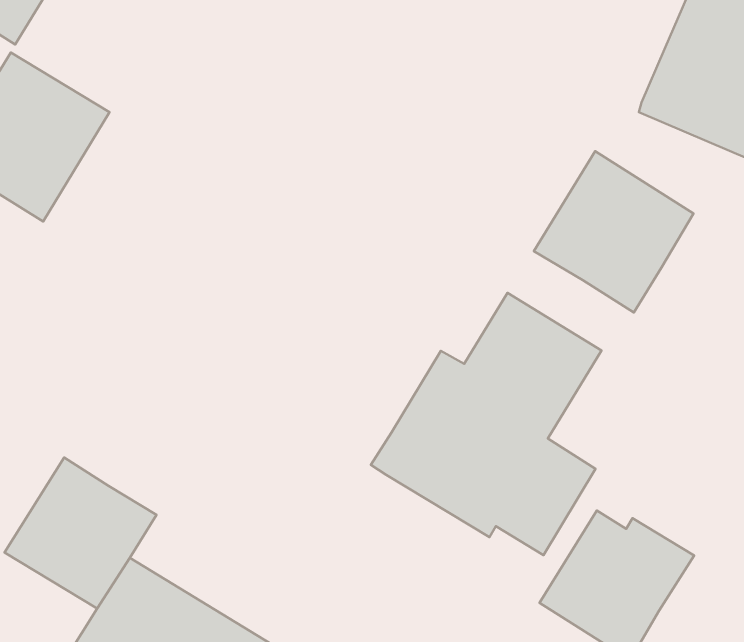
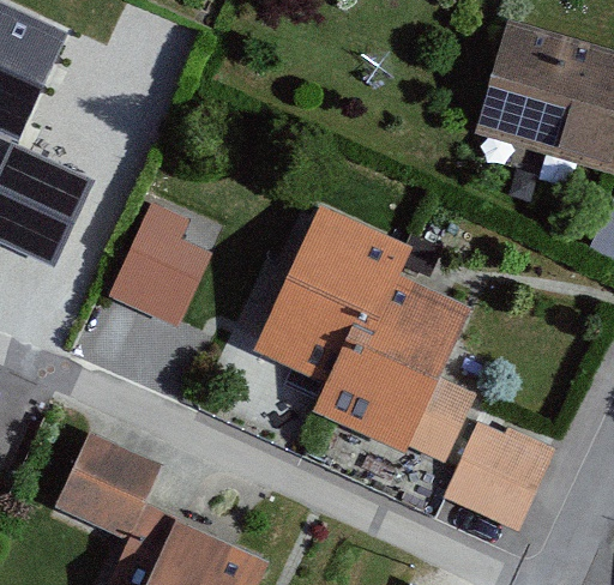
building: [534,151,694,312] -> none
building: none -> [109,200,209,325]
building: none -> [249,204,409,386]

